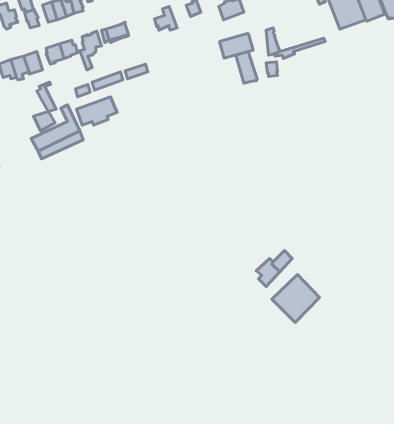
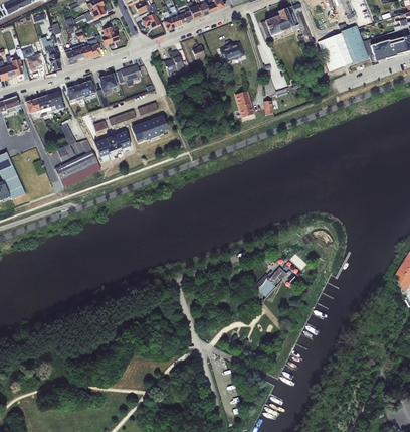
building: [220,34,253,58] -> none
building: none -> [132,114,167,139]
building: [272,275,319,322] -> none

